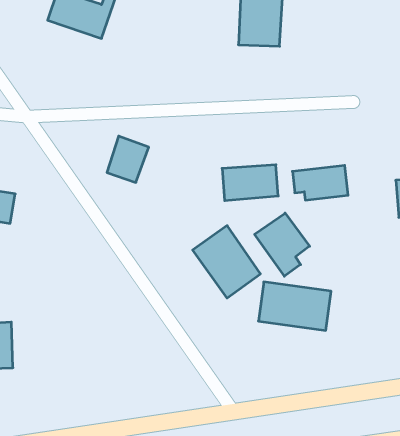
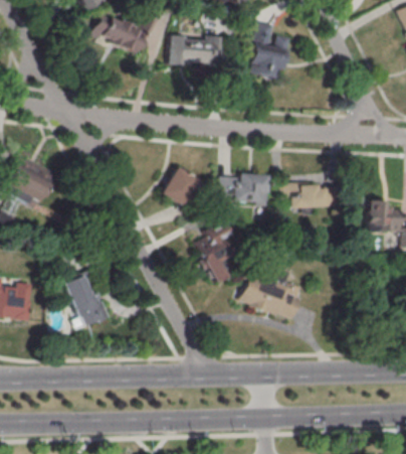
building: none -> [170,38,224,64]
building: [107,136,149,182] -> [162,167,199,207]
building: [255,213,310,276] -> none
building: none -> [67,276,107,328]

